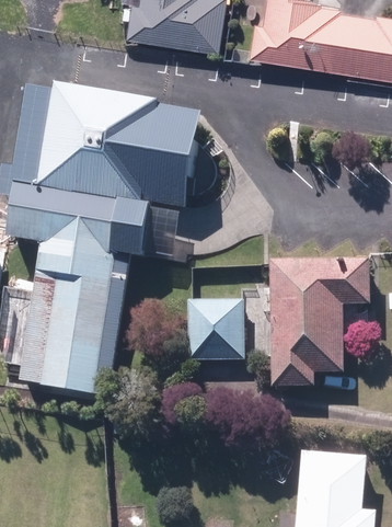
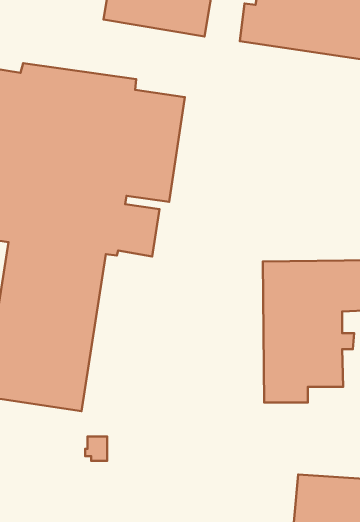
building: [187,300,242,358] -> none

